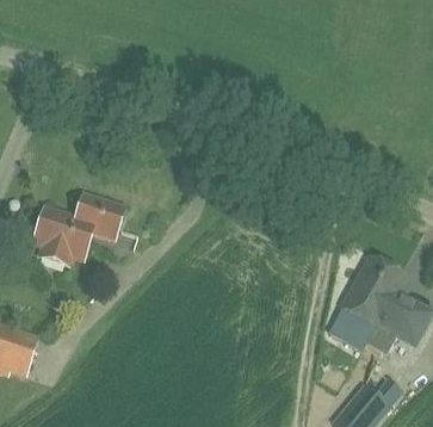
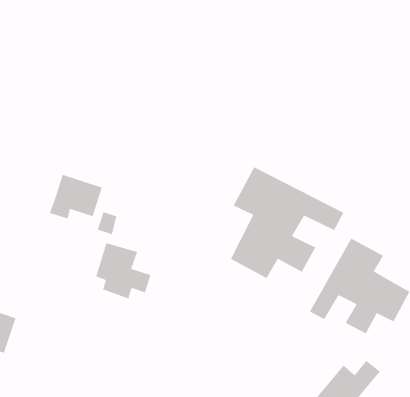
building: none -> [230,166,345,279]
building: [33,208,89,265] -> [95,242,151,300]

